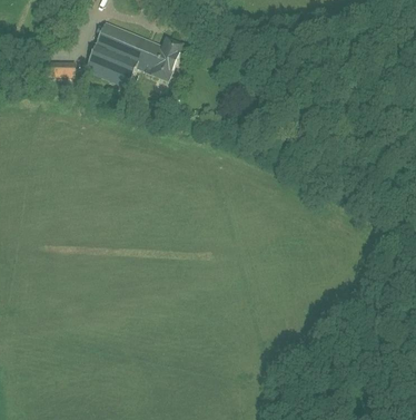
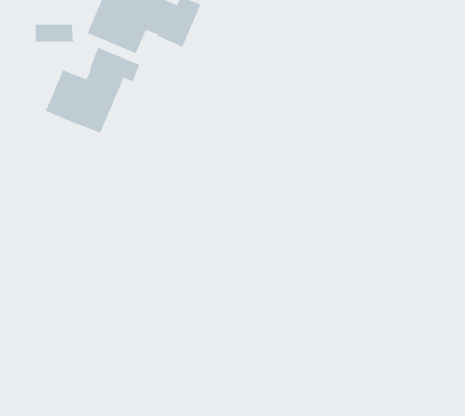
building: none -> [45,47,140,134]

